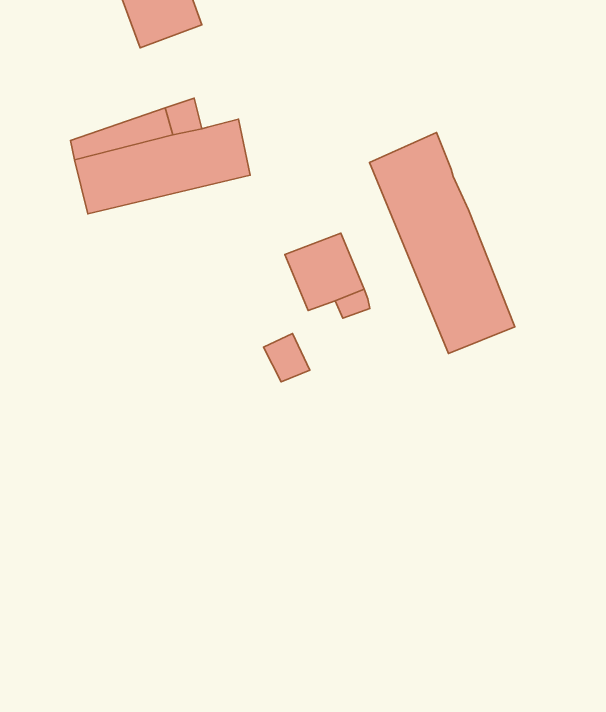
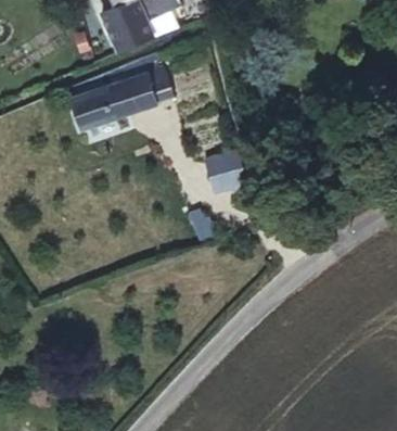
building: [369,133,515,354] -> none

